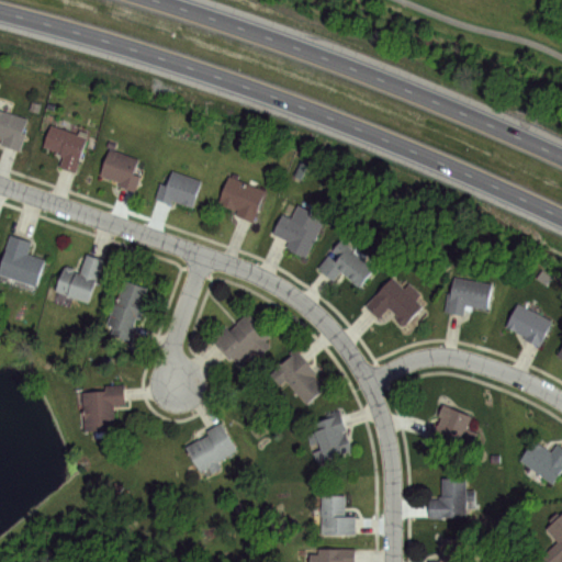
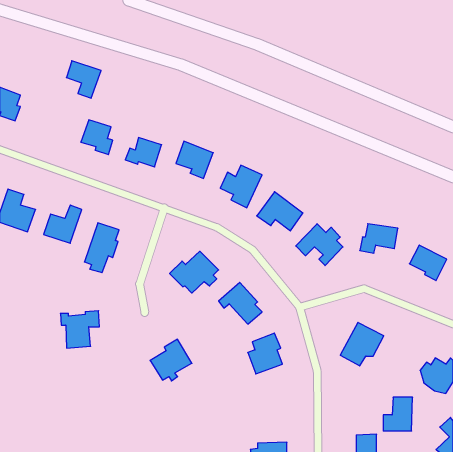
building: [43,127,86,173] -> [66,61,101,98]
building: [430,479,467,520] -> [383,397,413,431]
building: [321,497,356,536] -> none

